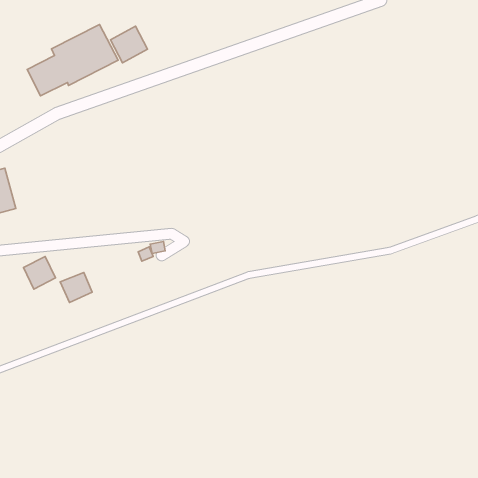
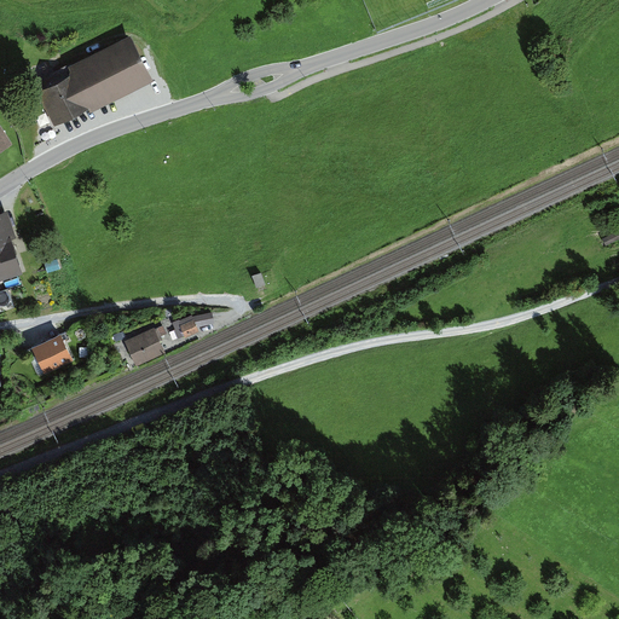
building: [111,26,147,63] -> none
building: [60,273,92,303] -> [122,329,163,368]

